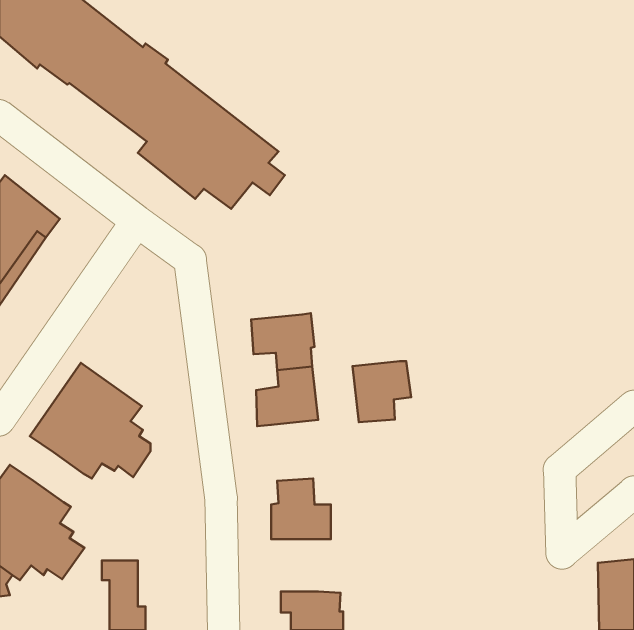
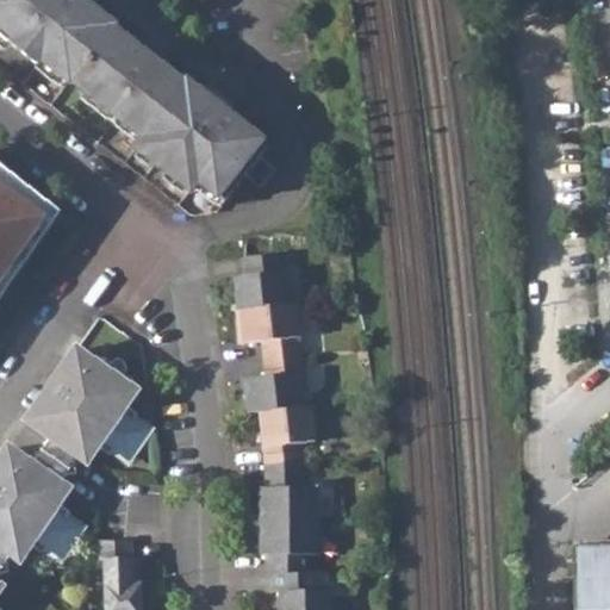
building: none -> [235,250,290,306]
building: [353,361,411,422] -> [260,403,316,461]
building: none -> [32,434,80,481]
building: none -> [260,517,317,567]

